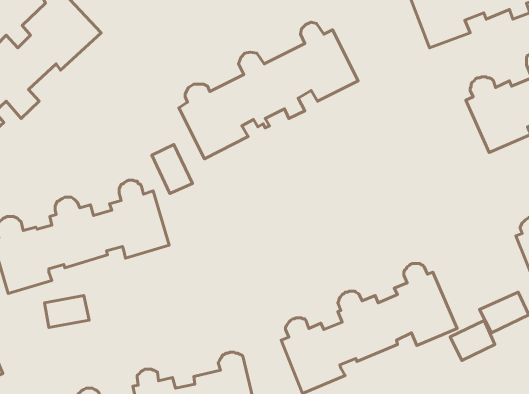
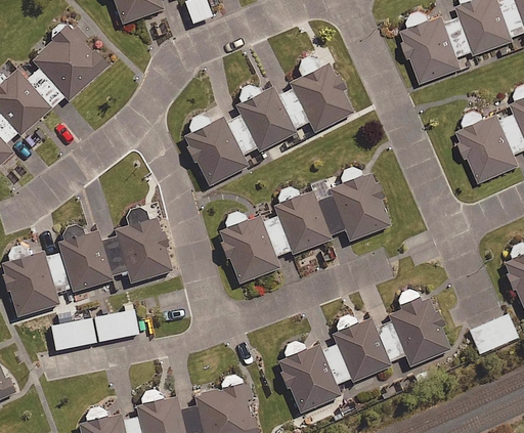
building: none -> [219,167,390,284]
building: [152,144,193,193] -> none
building: none -> [90,310,138,342]
building: [450,320,495,360] -> none

